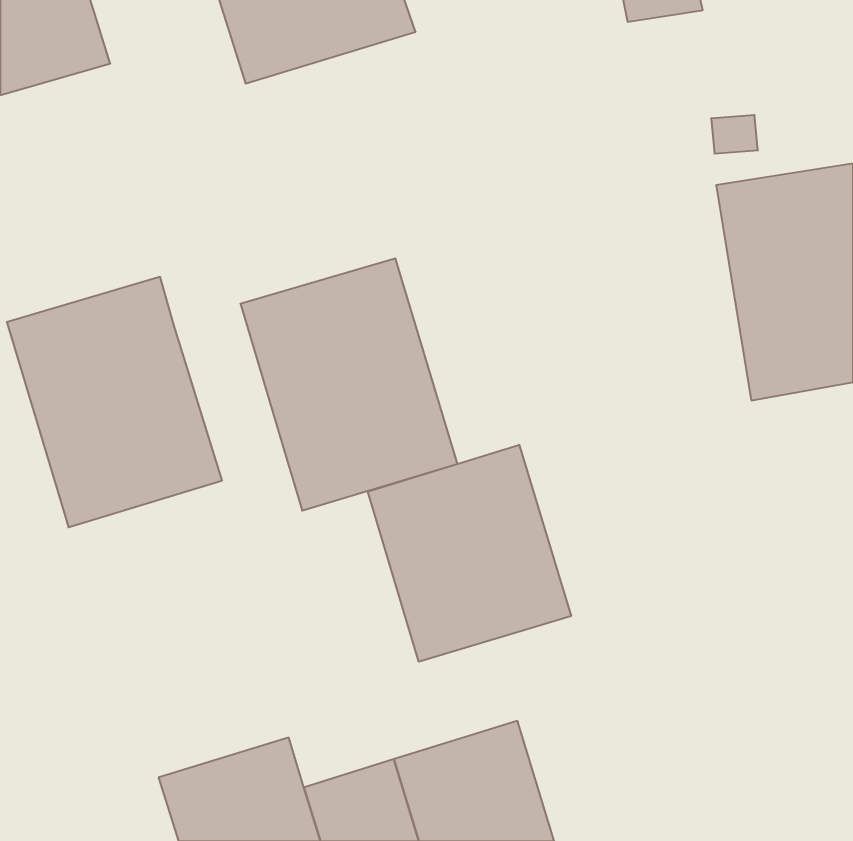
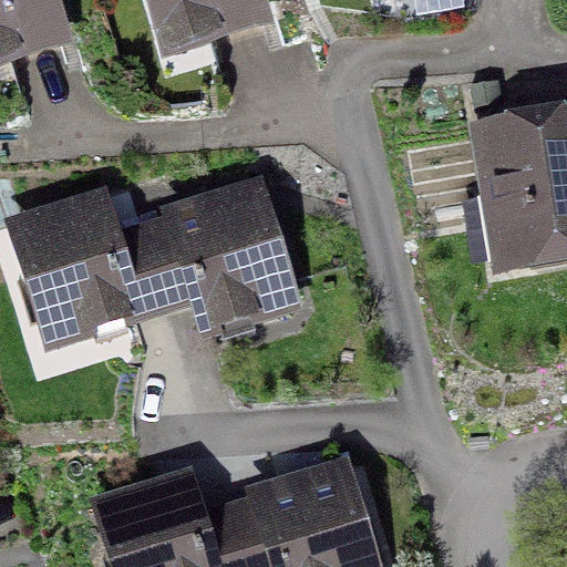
building: none -> [115,202,190,319]
building: [368,445,571,662] -> none

